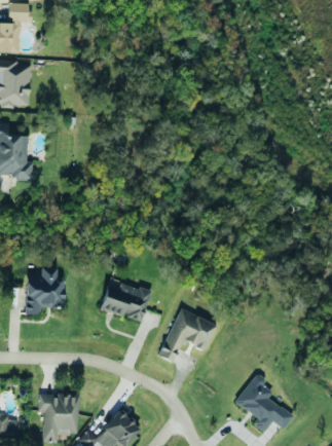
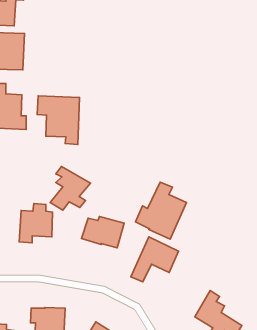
building: none -> [37,96,79,145]
building: none -> [50,167,90,210]
building: none -> [136,182,187,239]

